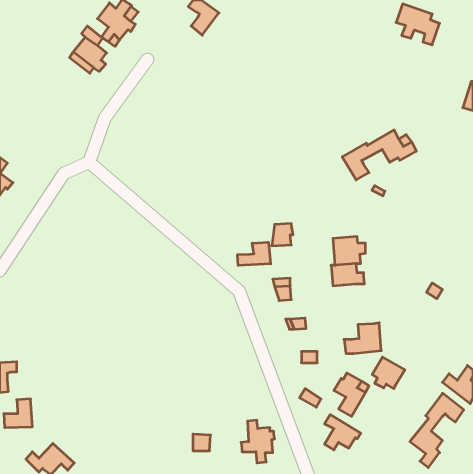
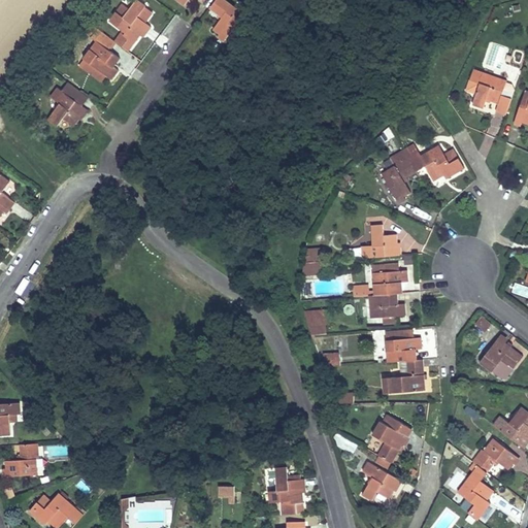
building: [396,4,440,45] -> [465,70,514,116]
building: none -> [46,87,88,127]
building: none -> [361,225,401,259]
building: [238,242,271,265] -> none
building: none -> [385,330,421,362]
building: none -> [478,337,522,371]
building: [372,357,405,389] -> none

